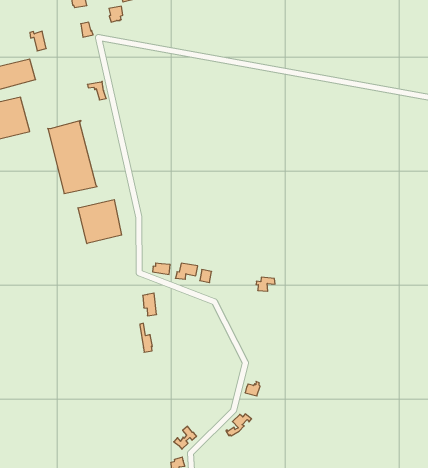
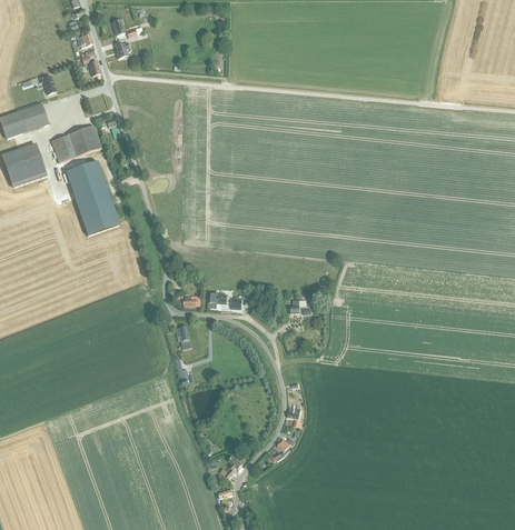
building: none -> [50,124,101,161]
building: [78,200,122,244] -> none

